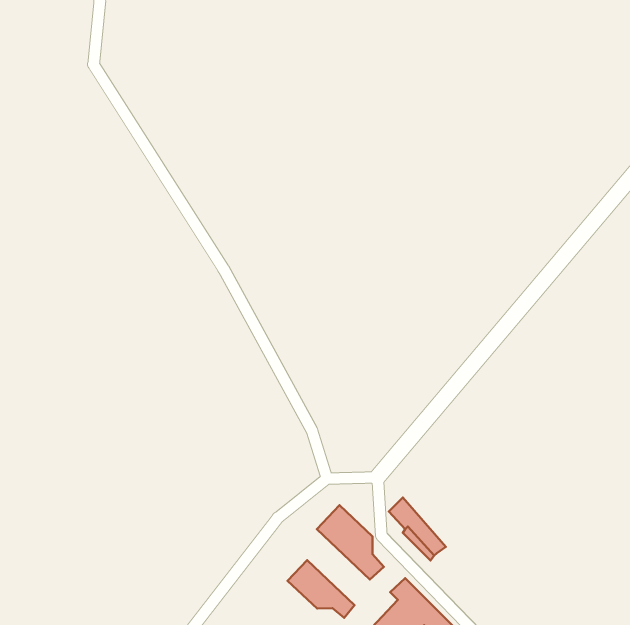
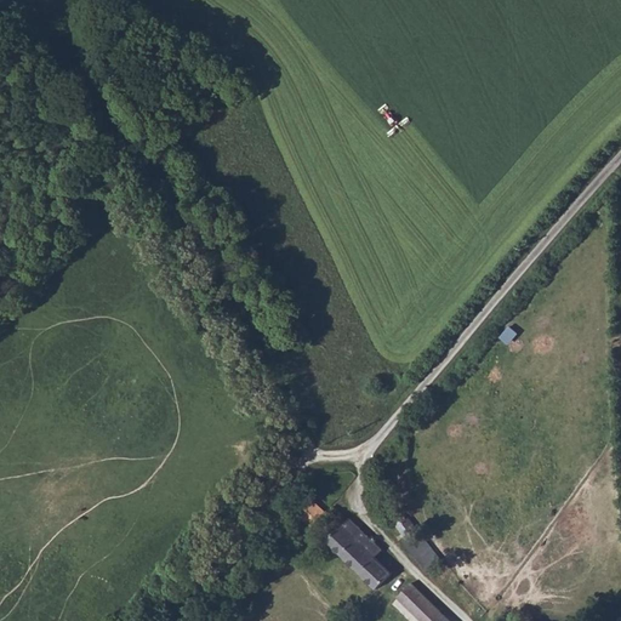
building: [288,560,355,618] -> none

